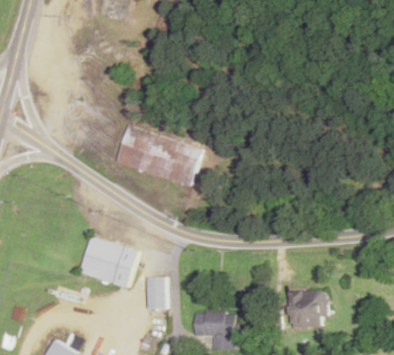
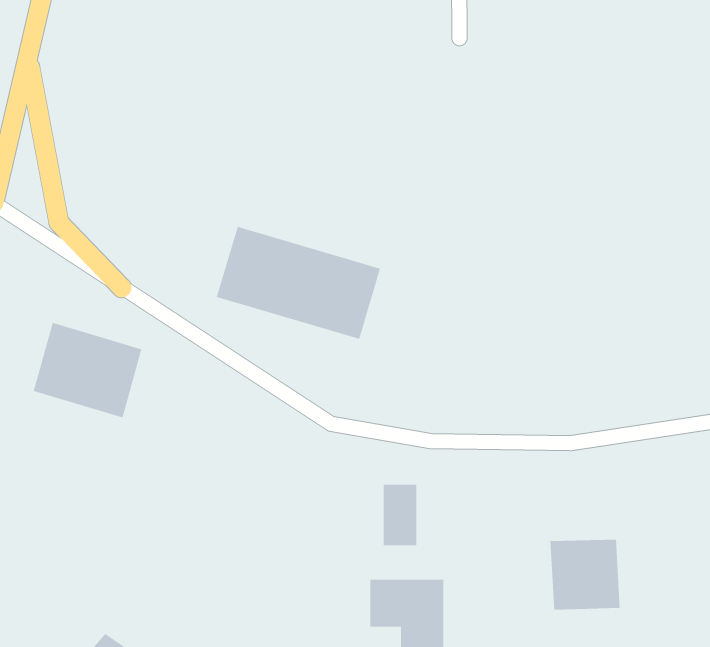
building: [80,237,137,287] -> [33,322,142,418]
building: [147,277,165,310] -> [383,484,417,546]

